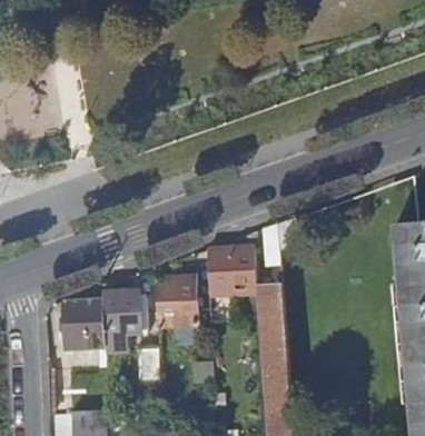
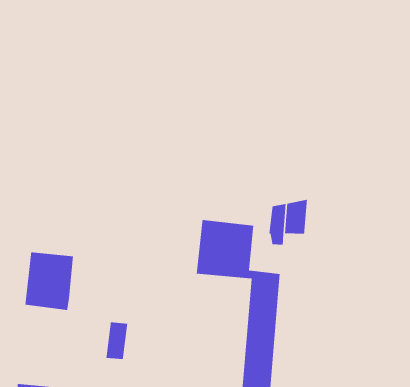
building: [155,276,201,325] -> none
building: [102,289,147,351] -> none

